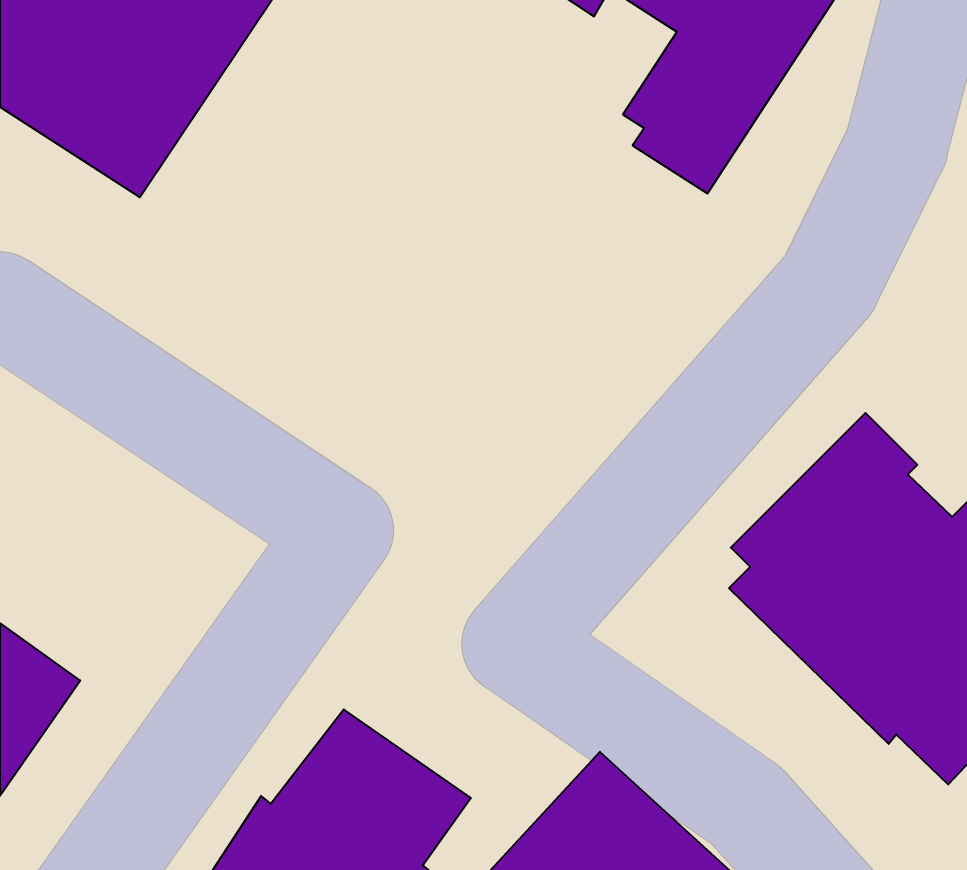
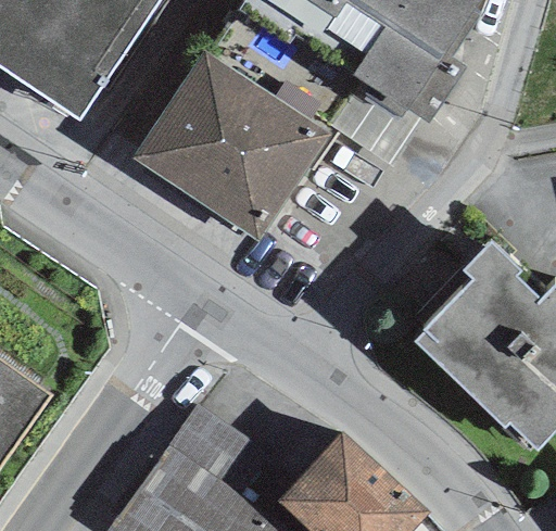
building: none -> [134,51,330,242]

